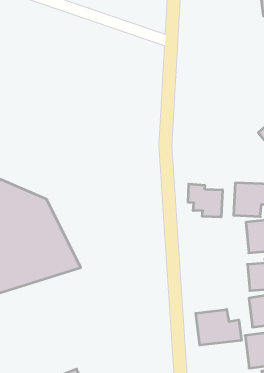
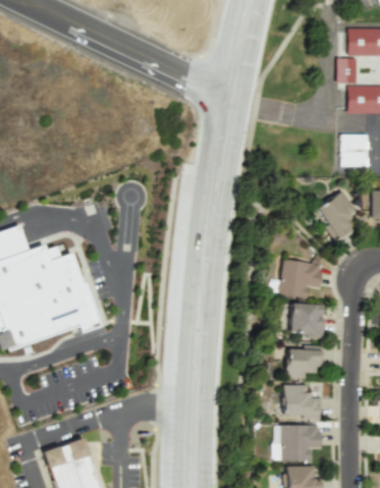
building: [188,184,222,217] -> none
building: [196,309,241,345] -> none

